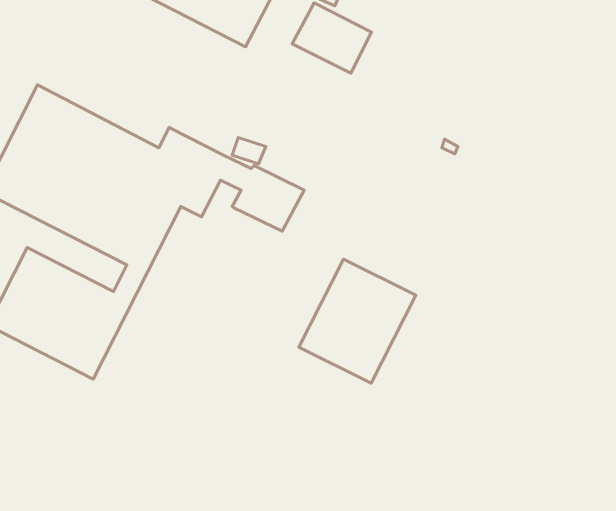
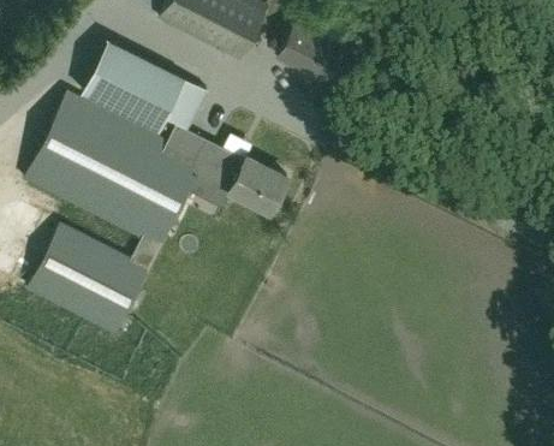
building: none -> [82,38,208,132]
building: [299,259,416,383] -> none

